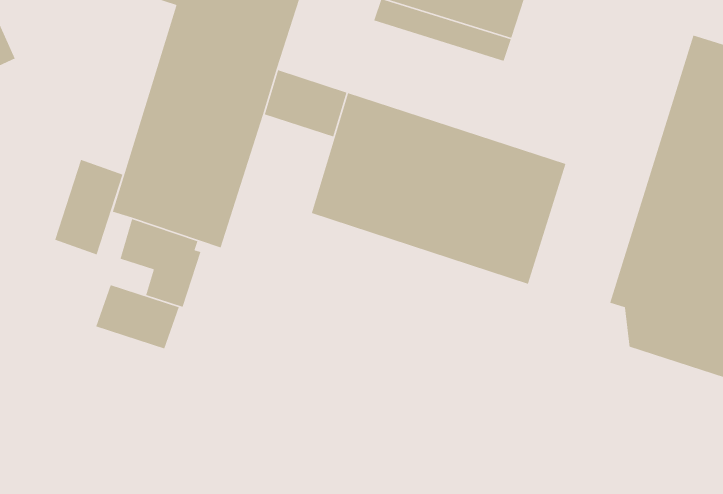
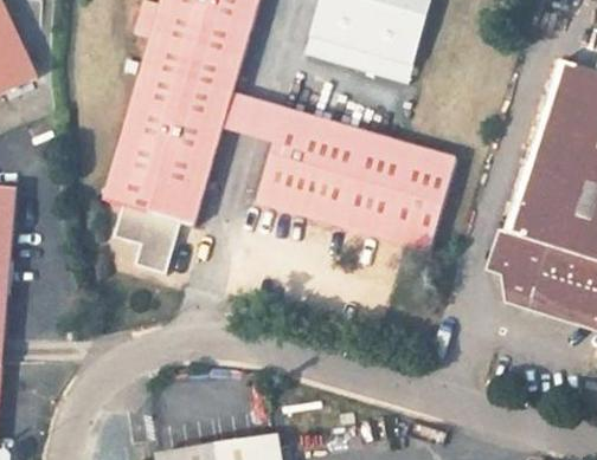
building: [54,159,123,255] -> none
building: [95,284,180,349] -> none

